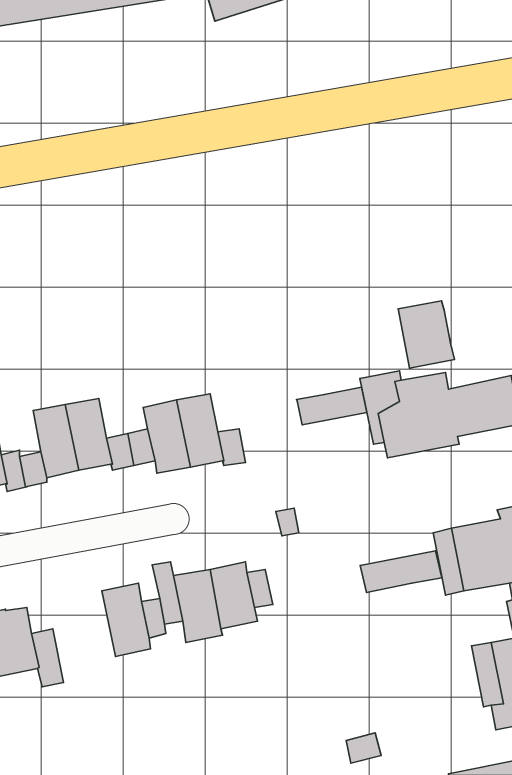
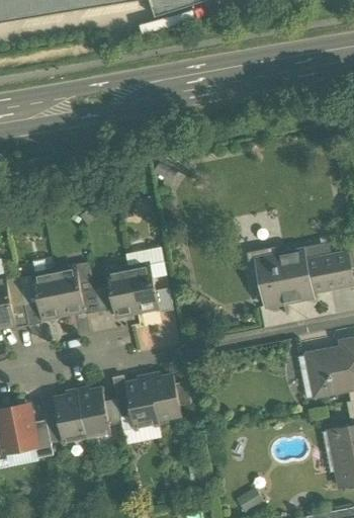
building: [398,301,455,368] -> none
building: [297,387,367,425] -> none
building: [360,551,442,592] -> none
building: none -> [55,394,88,441]

